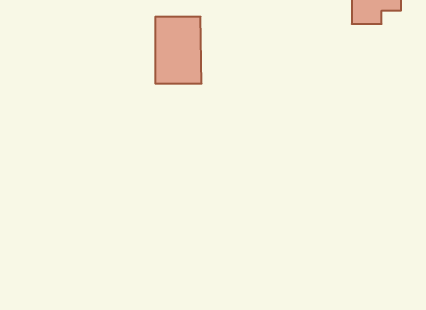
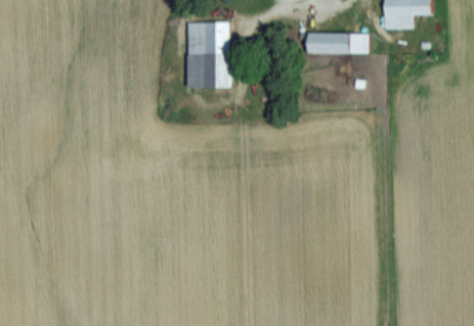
building: none -> [309,33,367,53]

